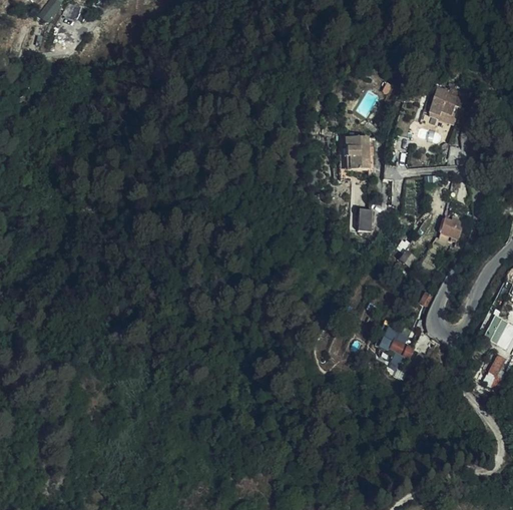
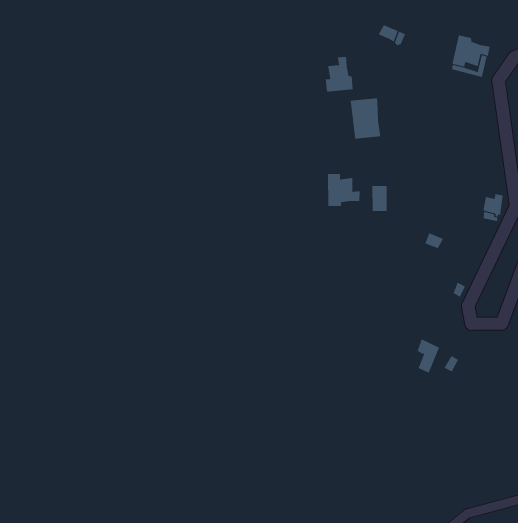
building: none -> [325,56,353,93]
building: none -> [327,173,360,207]

